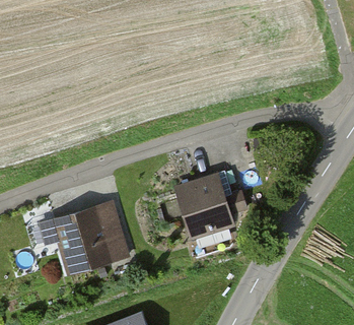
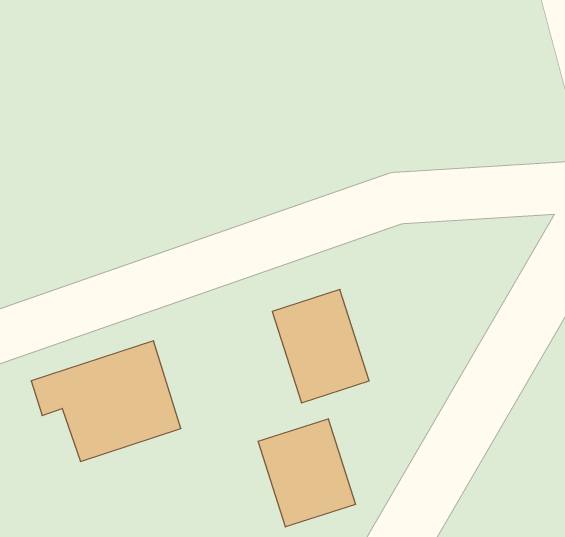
building: none -> [258,419,355,527]

